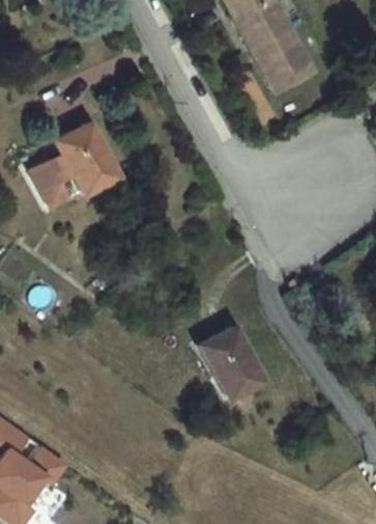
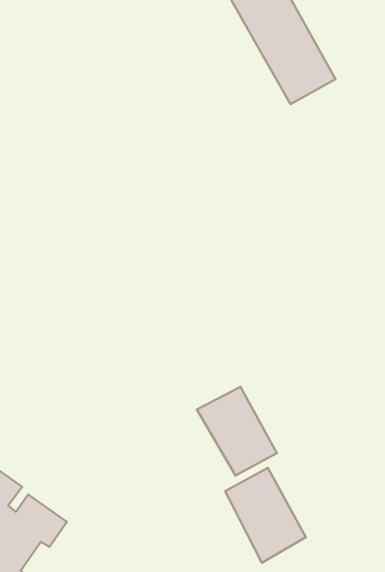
building: [40,135,123,214] -> none
building: none -> [225,468,306,563]

